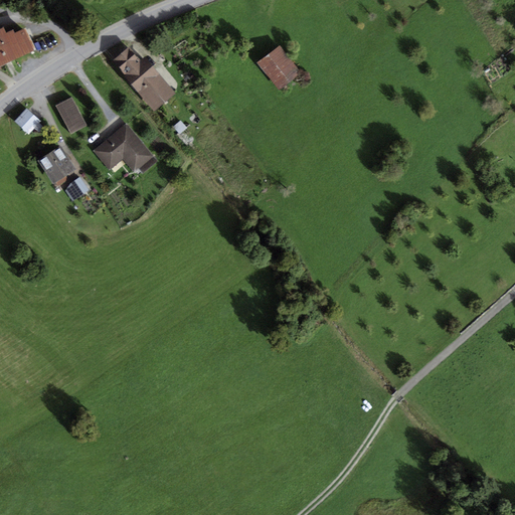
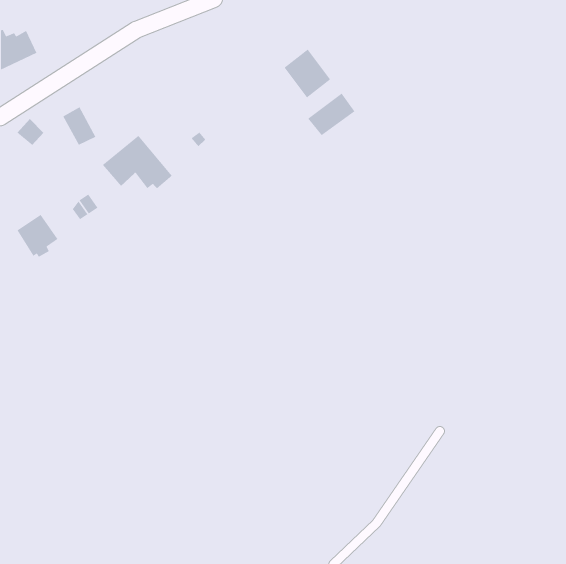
building: [113,45,175,111] -> none
building: none -> [307,93,355,136]
building: [38,145,76,185] -> [16,214,59,258]

